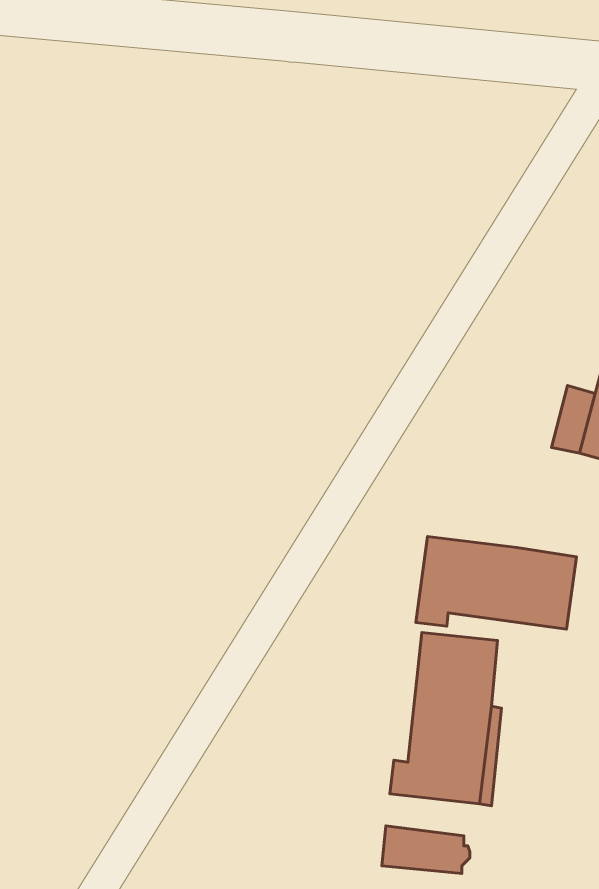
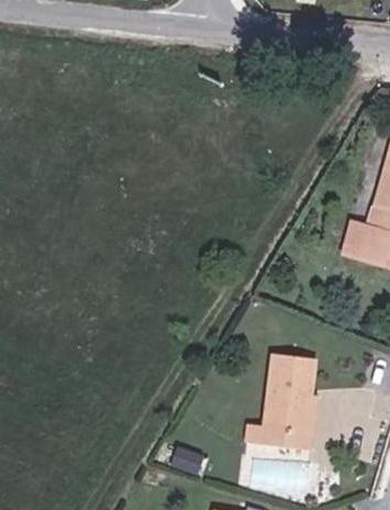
building: [416,536,577,629] -> none

